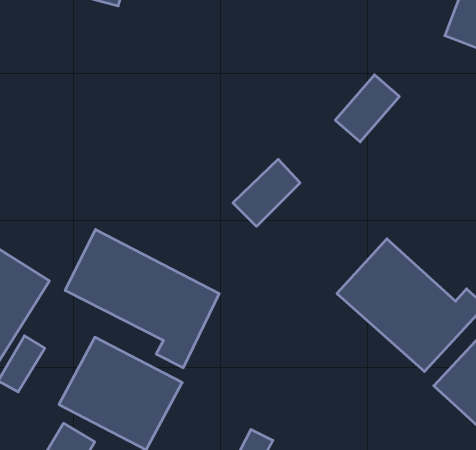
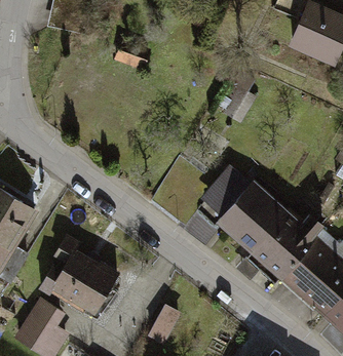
building: [233,159,300,226] -> [203,168,247,212]
building: [65,229,219,368] -> none

